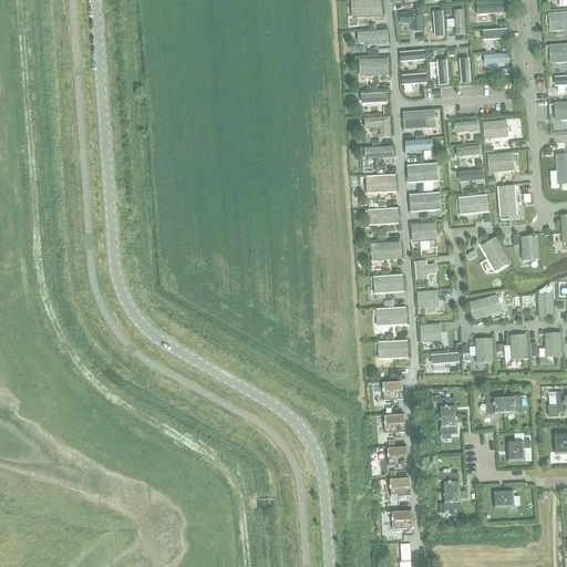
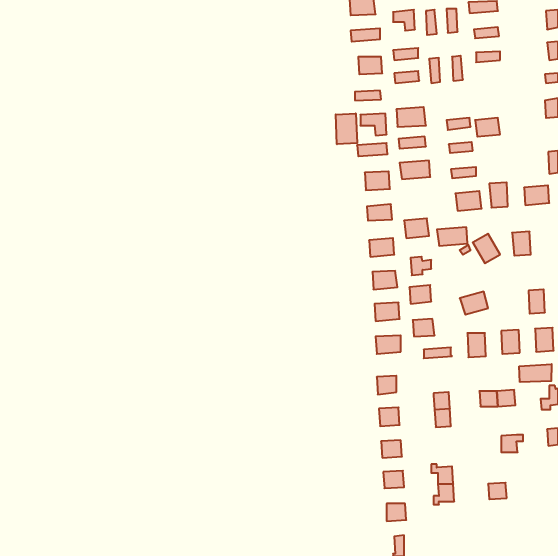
building: none -> [336,113,357,144]
building: [486,152,512,172] -> [524,185,549,205]
building: [408,192,439,210] -> [437,227,467,246]
building: none -> [519,364,552,382]

